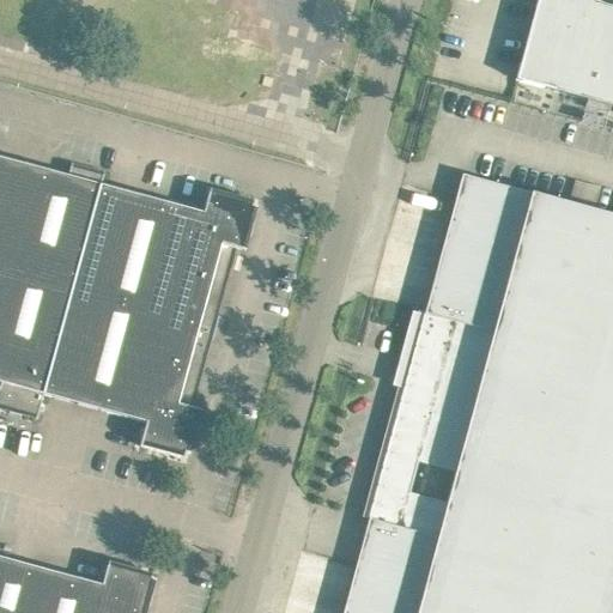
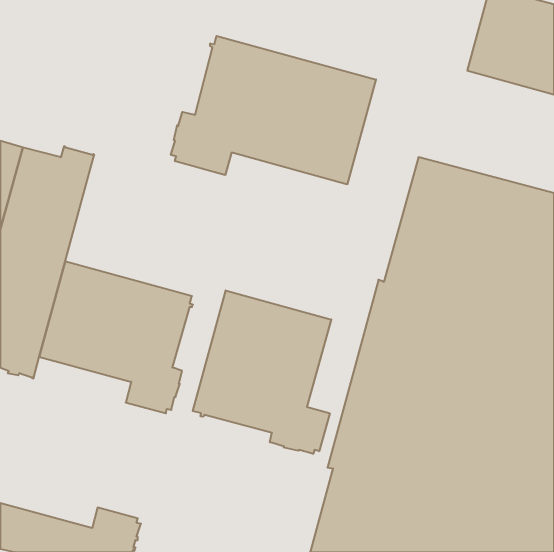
building: none -> [171,36,376,184]
building: [72,183,257,327] -> none
building: none -> [193,290,331,454]

